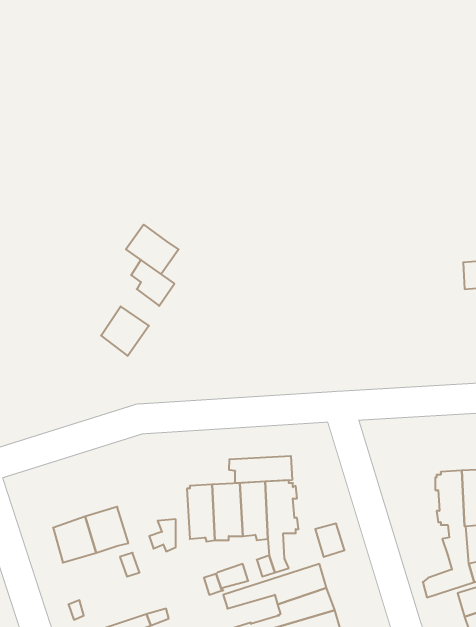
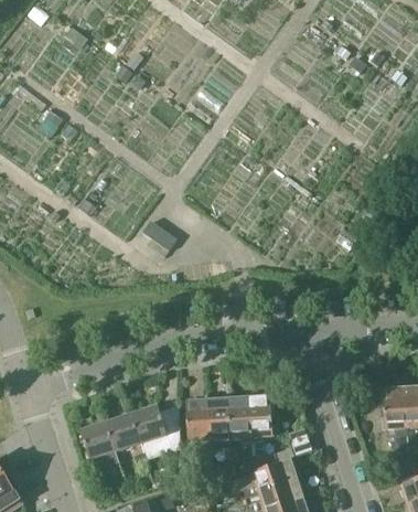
building: [126,225,179,274] -> none
building: [101,306,149,356] -> none
building: [229,456,292,483] -> none
building: none -> [131,406,167,444]

